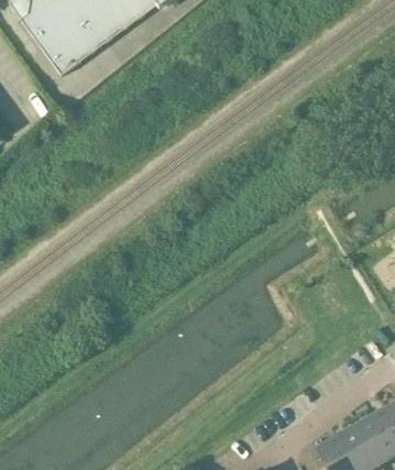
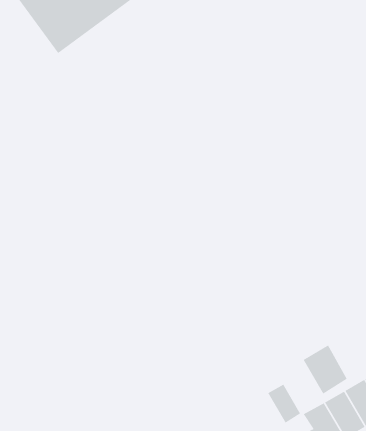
building: none -> [303,345,348,394]
building: none -> [268,384,301,423]

